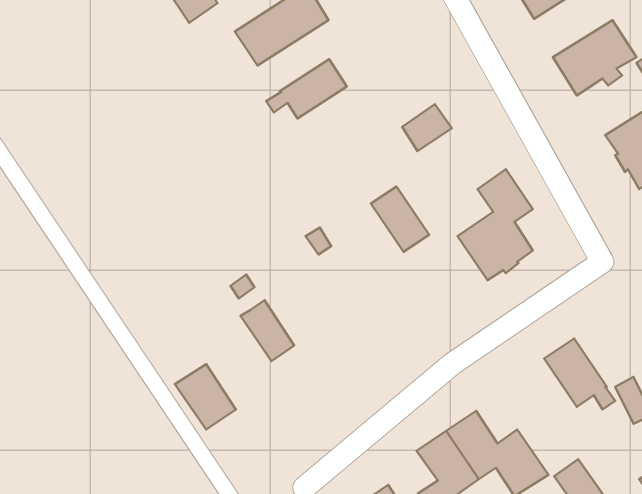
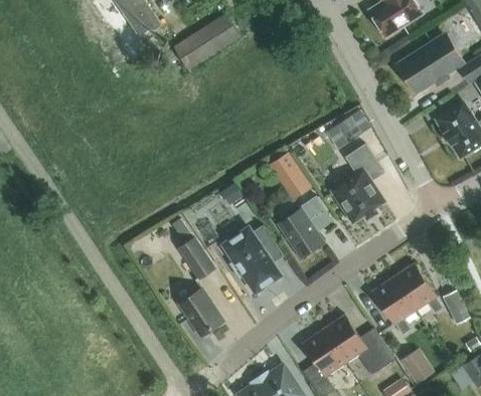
building: [266,59,347,118] -> none
building: [402,104,452,151] -> [336,109,371,142]
building: none -> [278,195,333,256]
building: none -> [224,224,284,289]
building: none -> [371,276,416,335]
building: [175,364,236,430] -> [179,288,222,335]

